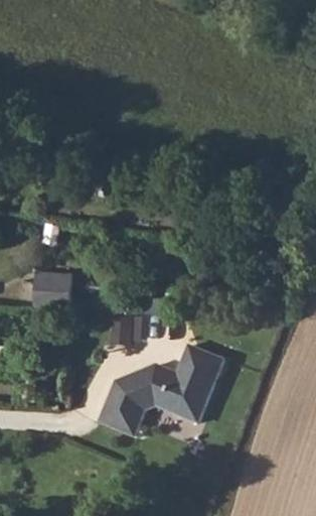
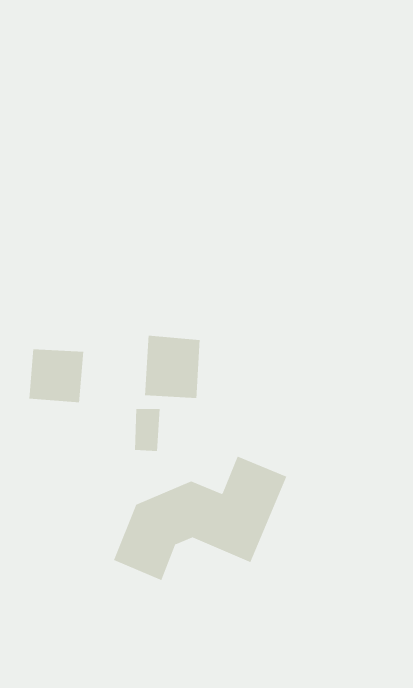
building: none -> [144,335,200,399]

